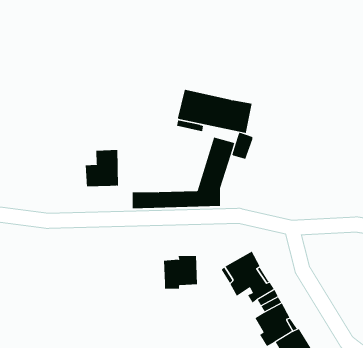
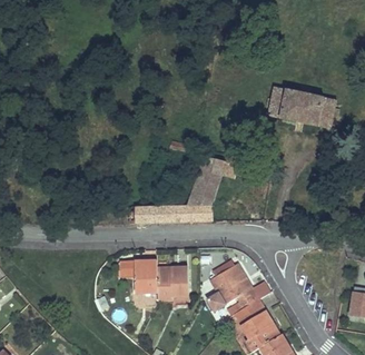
building: [177,89,253,134] -> [265,87,335,128]
building: [85,149,118,187] -> none
building: none -> [134,260,157,293]

